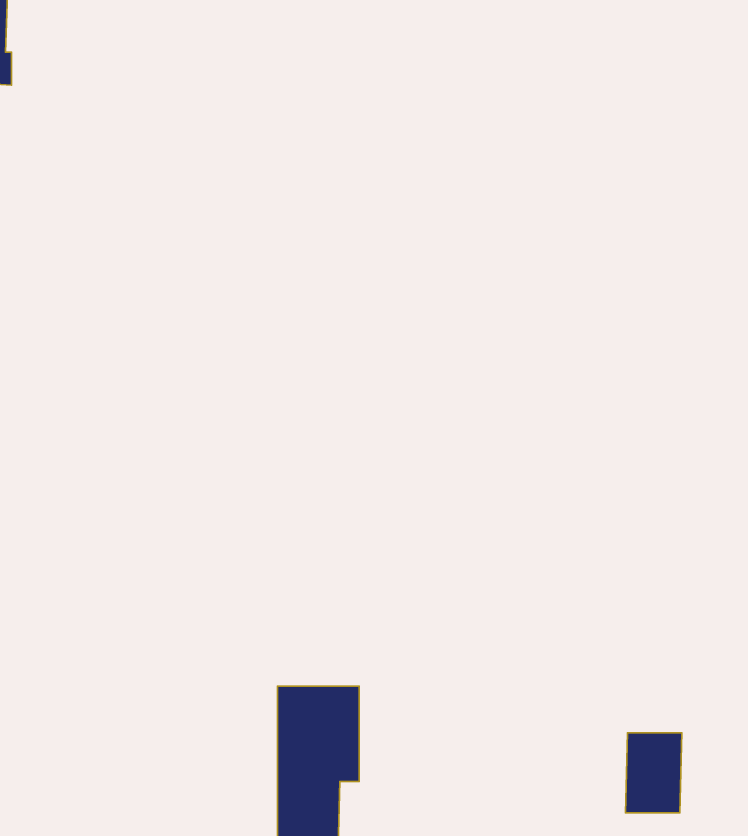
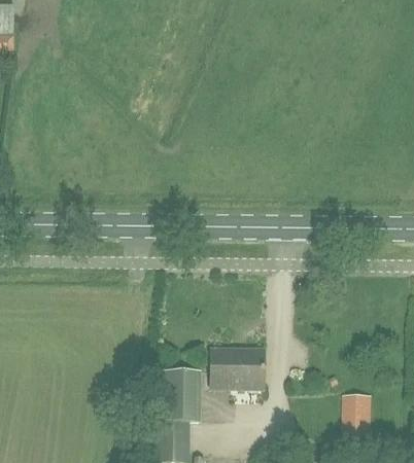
building: none -> [209,349,263,387]

